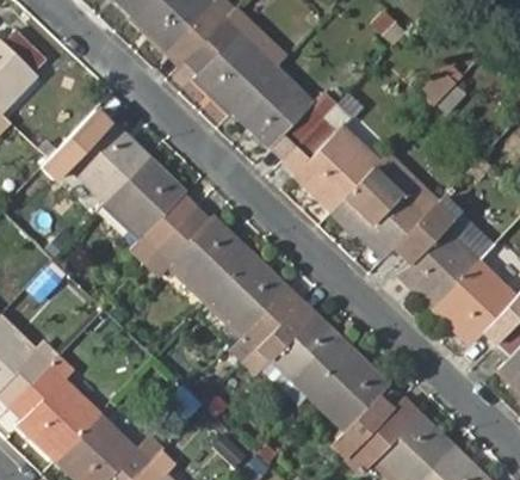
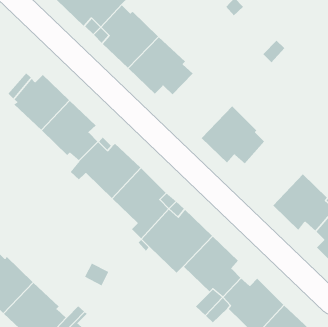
building: [296,118,380,210] -> none
building: [398,202,481,306] -> none

